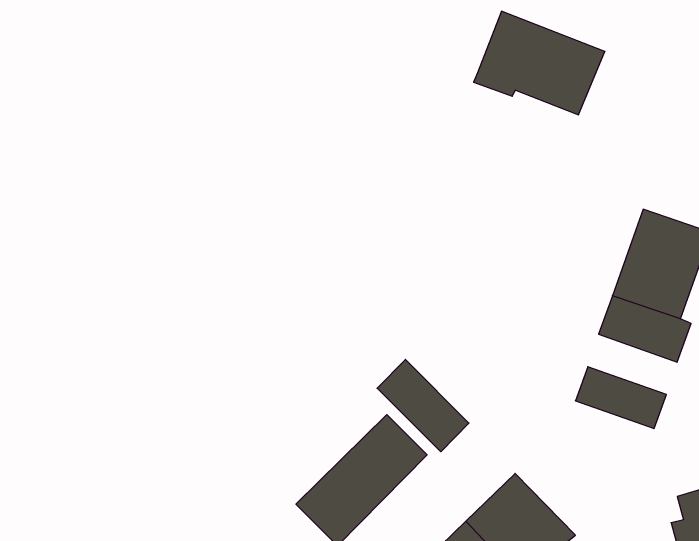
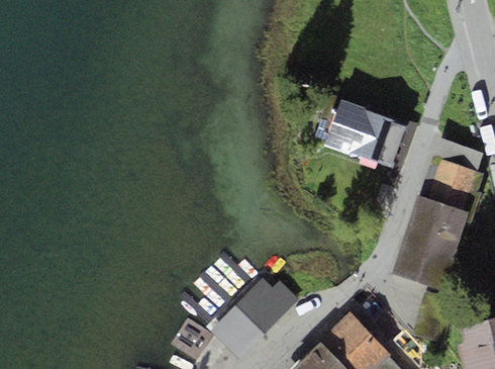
building: [474,11,605,115] -> [322,101,408,169]
building: none -> [402,221,461,261]
building: [377,359,469,452] -> none

